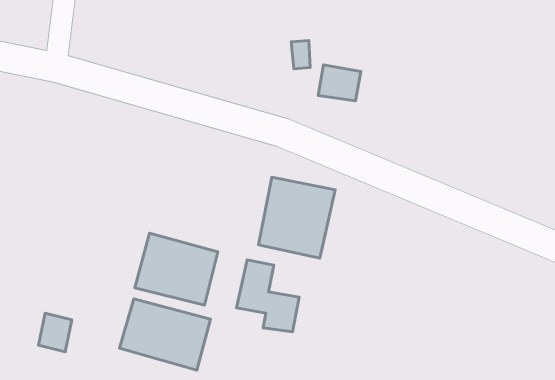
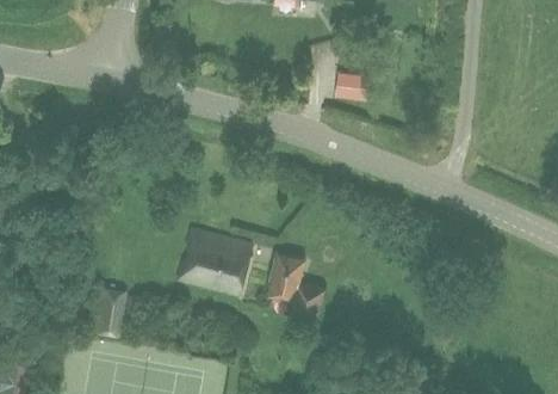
building: [259,177,335,258] -> none
building: [119,299,211,370] -> none

